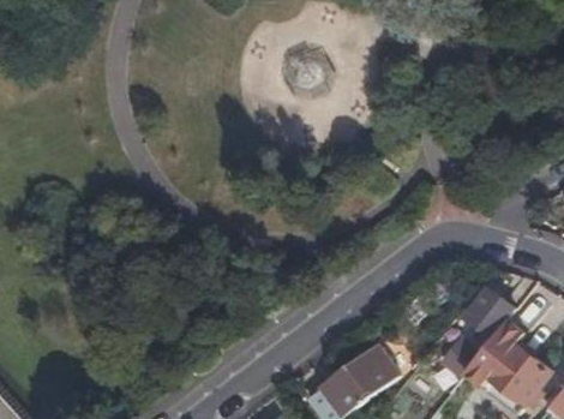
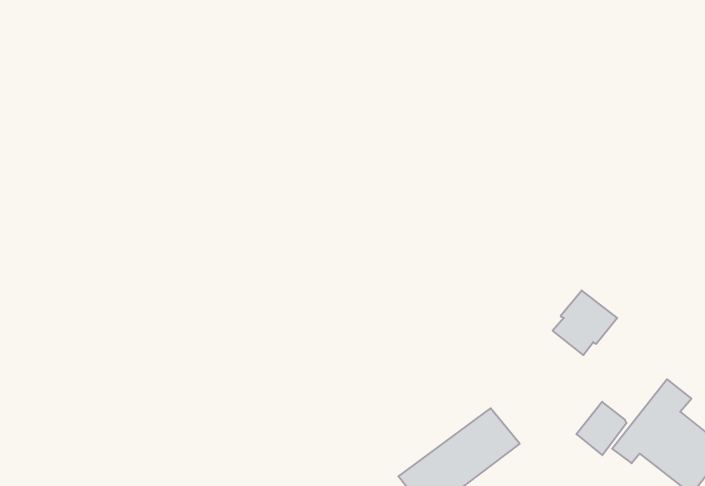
building: [468,289,516,337] -> [553,290,617,355]

